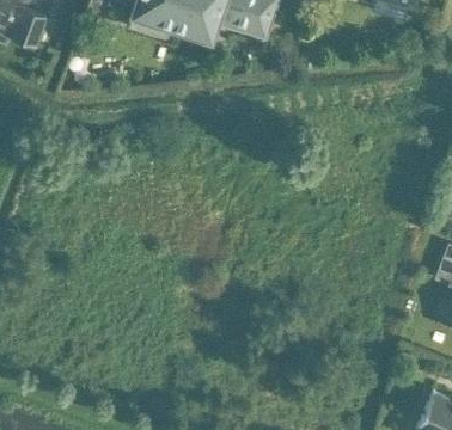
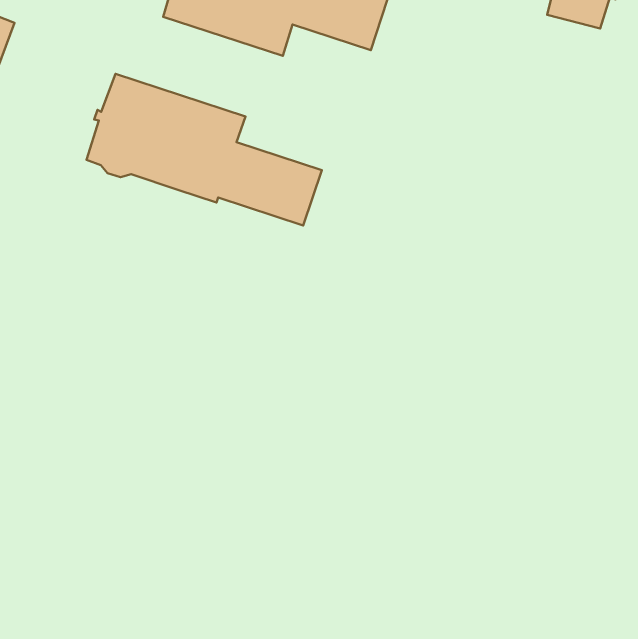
building: none -> [86,74,322,226]

